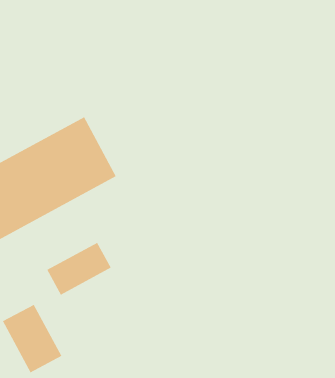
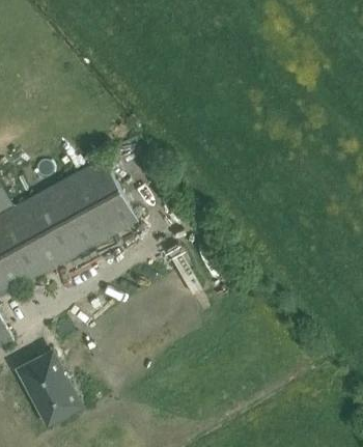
building: [46,242,112,296] -> none

